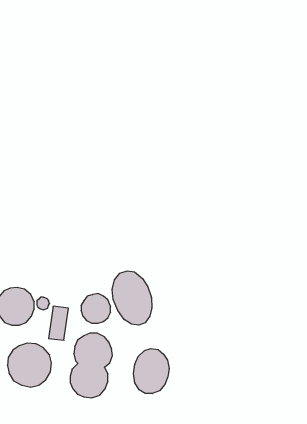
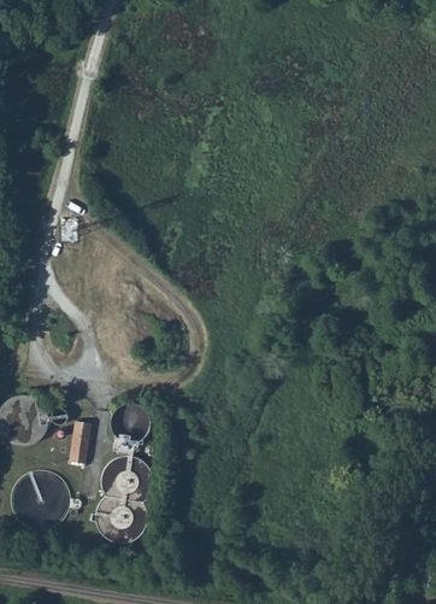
building: [112,271,152,325] -> none
building: [133,349,169,394] -> none

